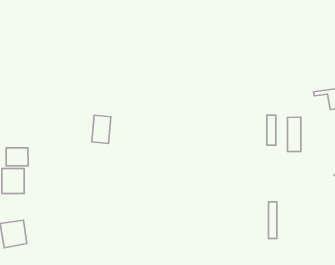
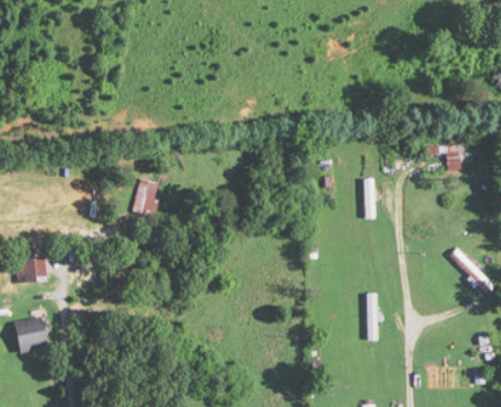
building: [287,117,301,151] -> none
building: [6,148,28,166] -> none

